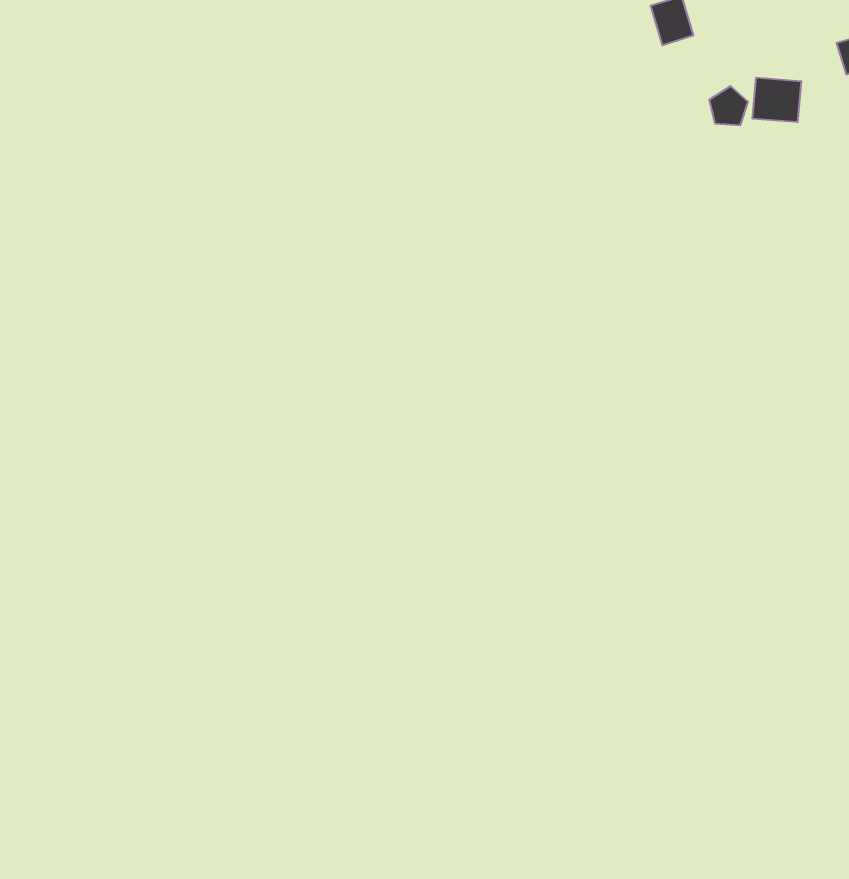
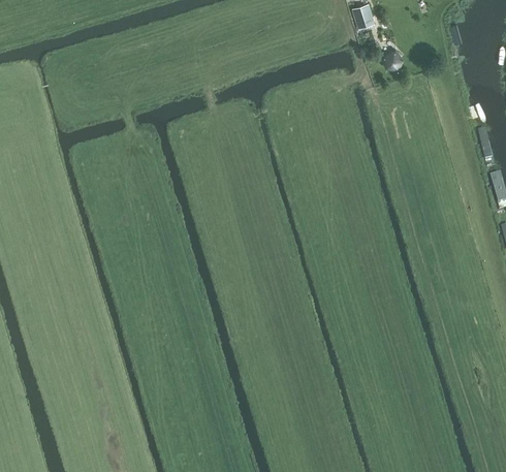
building: [753,78,801,122] -> none

